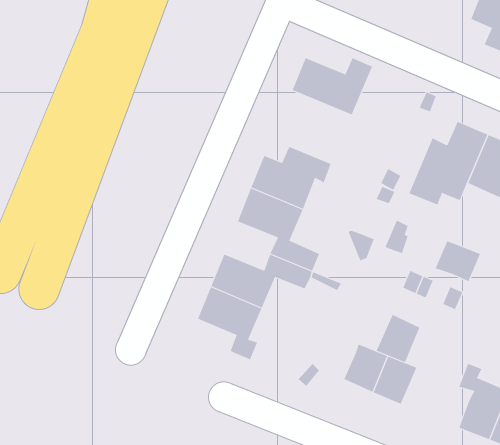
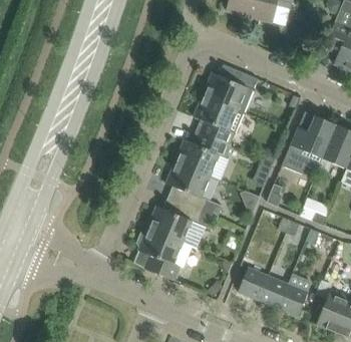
building: none -> [194,94,244,144]
building: [376,314,420,363] -> [277,283,307,316]

